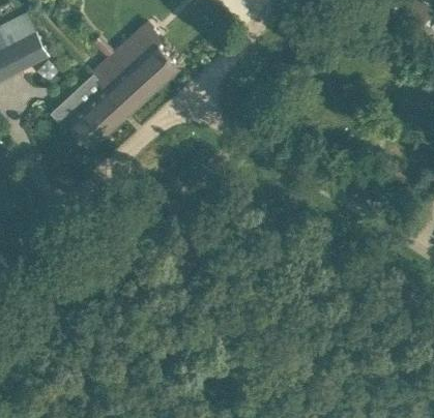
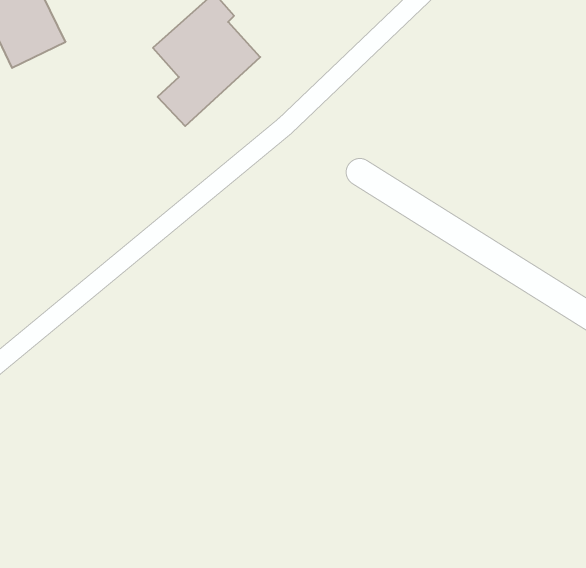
building: [50,61,126,148] -> none

